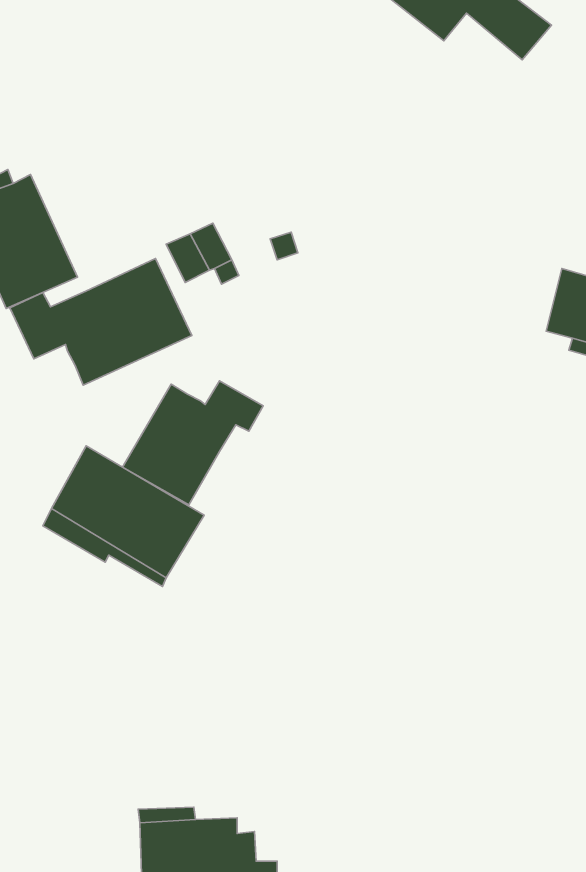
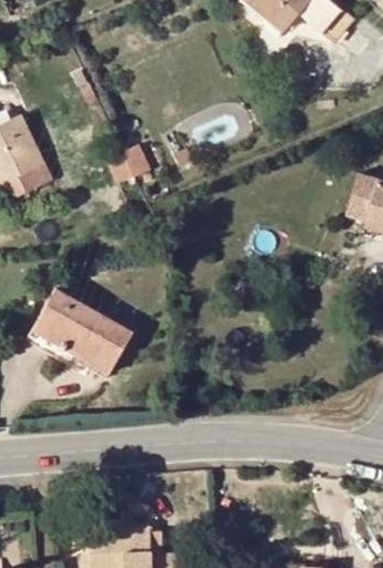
building: [10,259,192,385] -> none
building: [122,381,263,505] -> none

